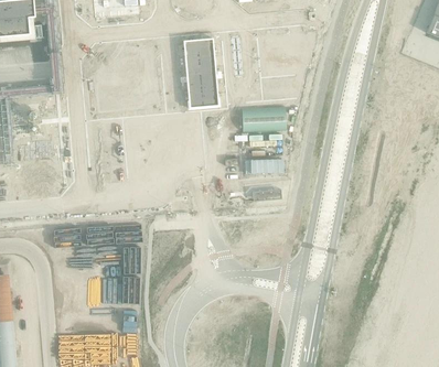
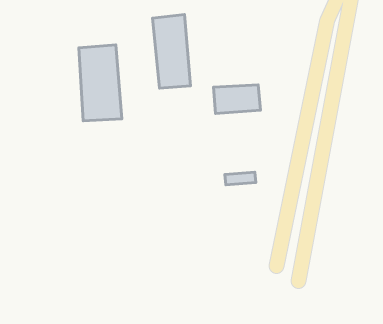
building: none -> [79,45,122,121]

